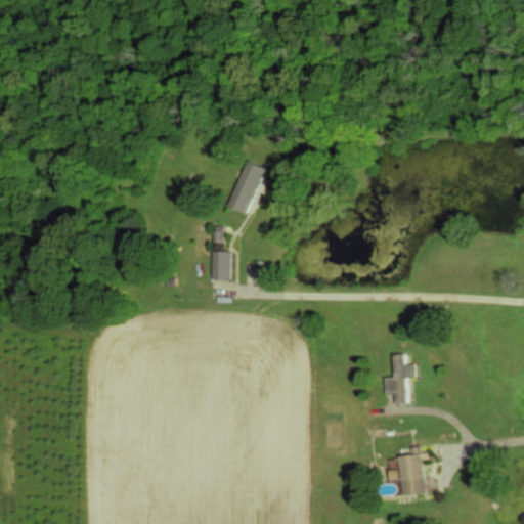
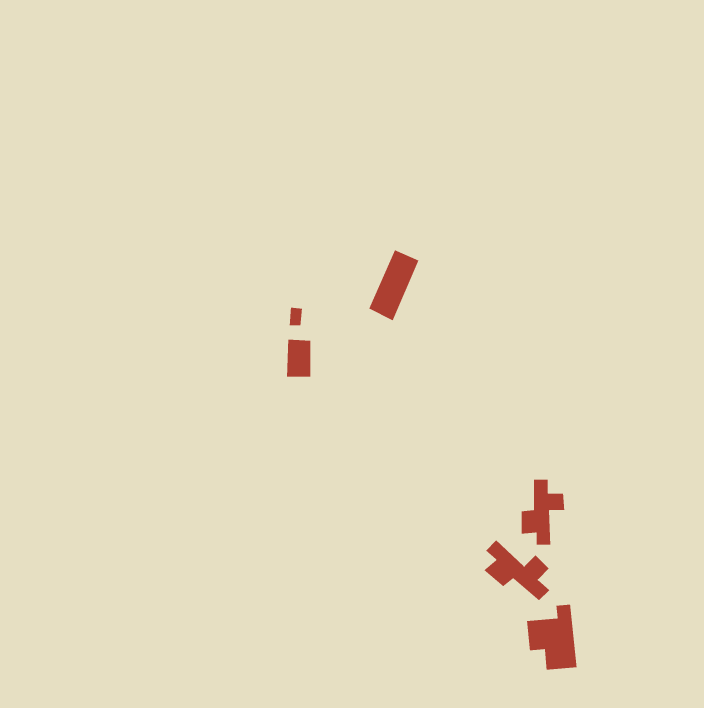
building: [226,161,264,214] -> [368,249,420,321]
building: none -> [483,540,550,601]

